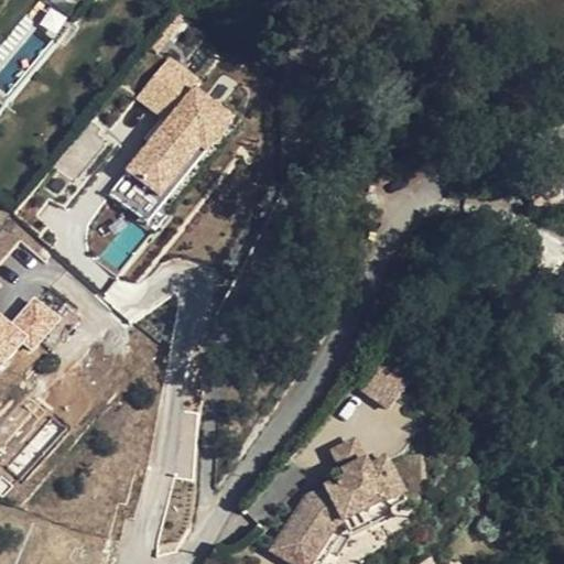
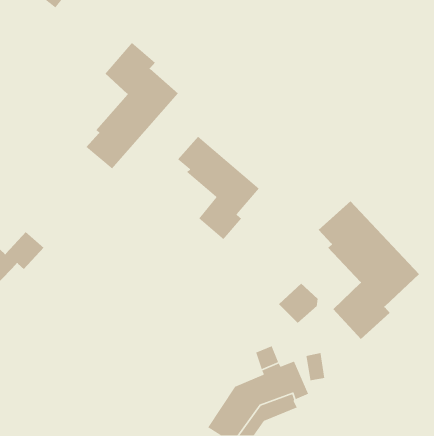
building: none -> [177,136,260,240]
building: none -> [318,200,420,340]

